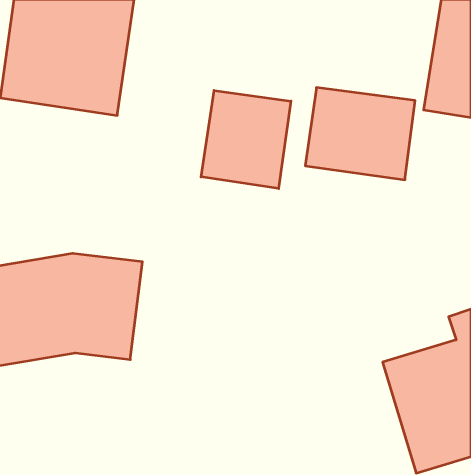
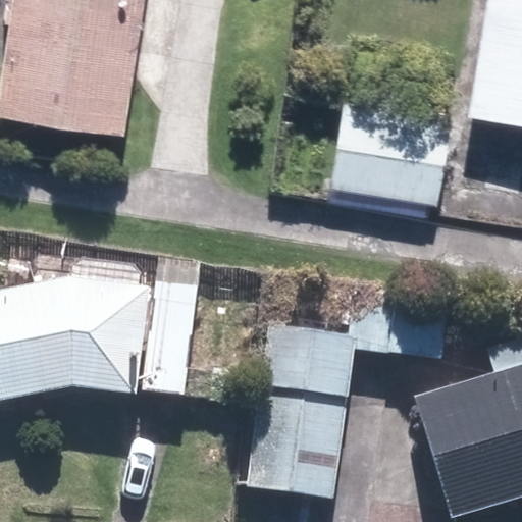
building: [201,90,291,189] -> none
building: none -> [246,291,453,499]

